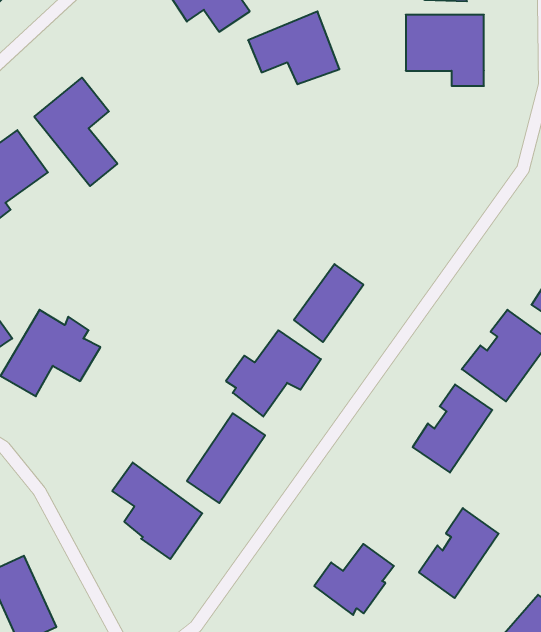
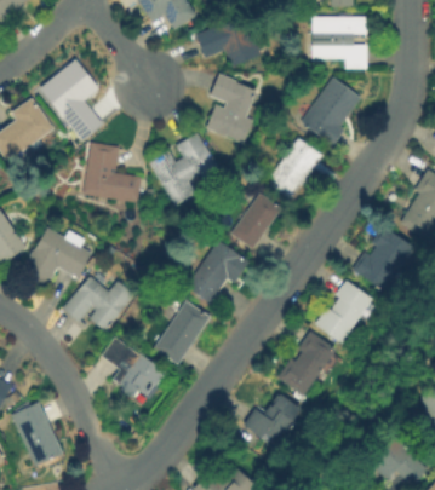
building: none -> [204,75,256,144]
building: none -> [298,77,361,148]
building: none -> [149,133,217,204]
building: none -> [264,137,321,201]
building: none -> [80,144,139,202]
building: none -> [63,276,134,332]
building: [419,508,499,598] -> [276,333,333,397]

